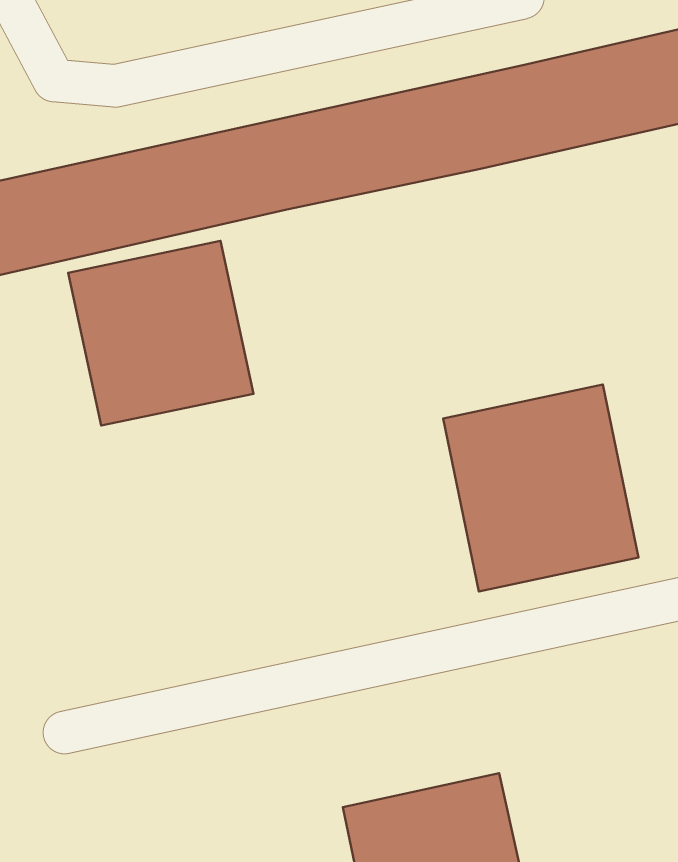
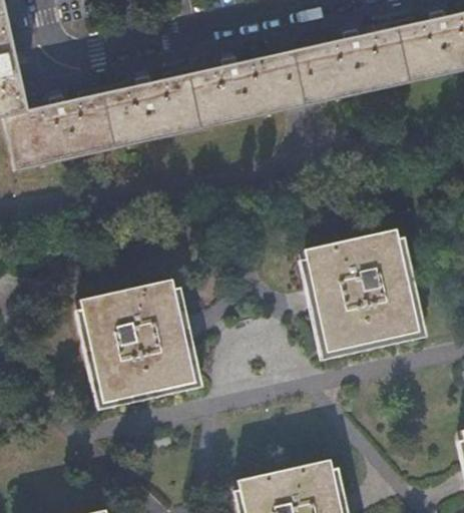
building: [68,241,253,426] -> none
building: none -> [78,277,191,399]

